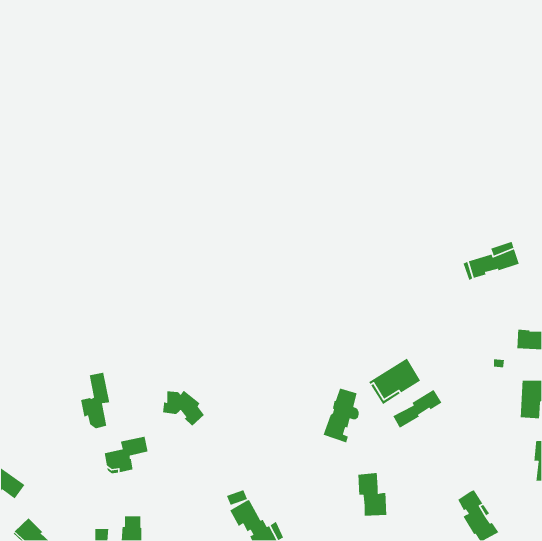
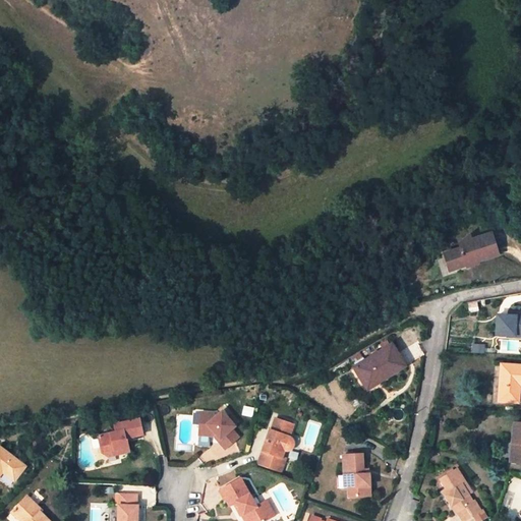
building: [80,372,110,429] -> none
building: [322,387,360,444] -> [256,418,292,472]
building: [392,389,443,429] -> none
building: [162,389,205,427] -> [196,412,237,448]

